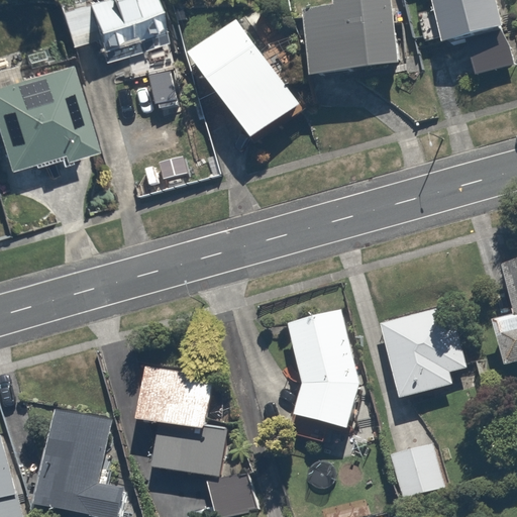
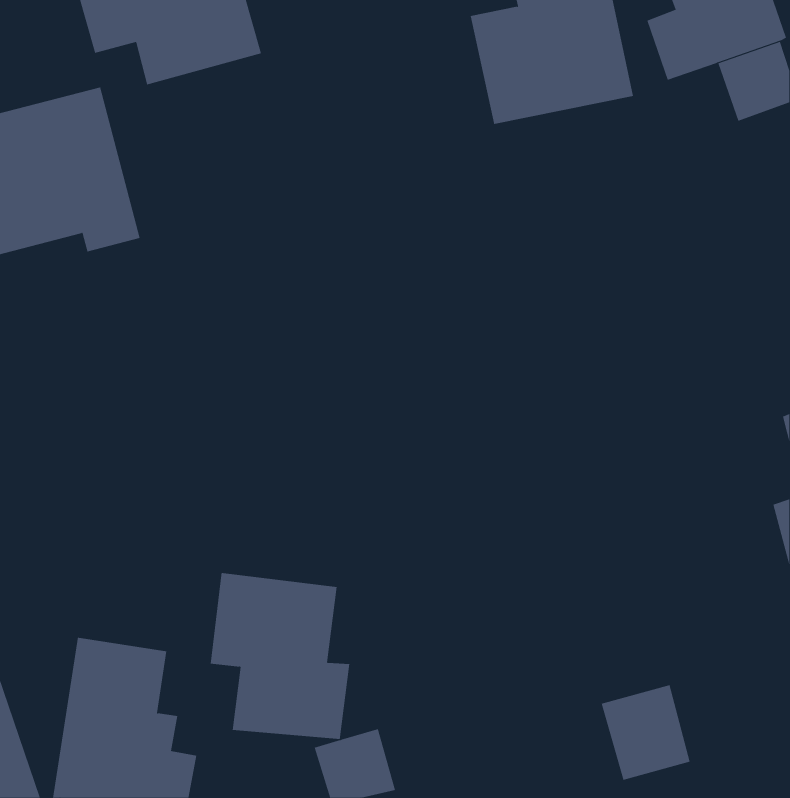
building: [188,17,303,140] -> none
building: [377,303,469,402] -> none
building: [288,306,361,429] -> none

